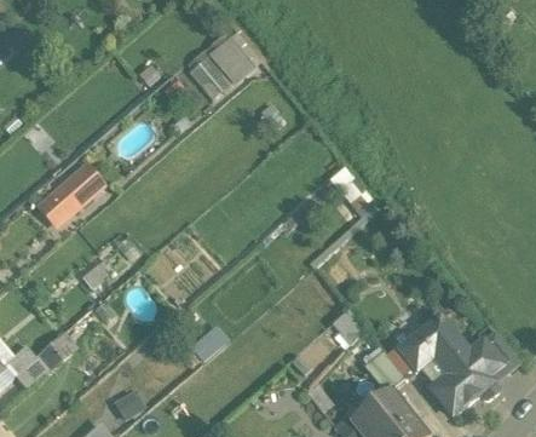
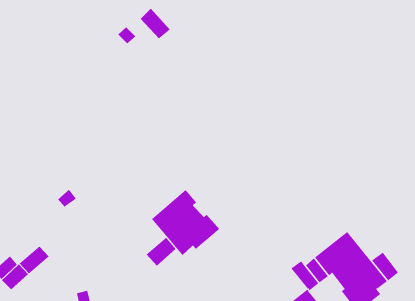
building: [40,159,109,225] -> none
building: none -> [151,189,220,256]

